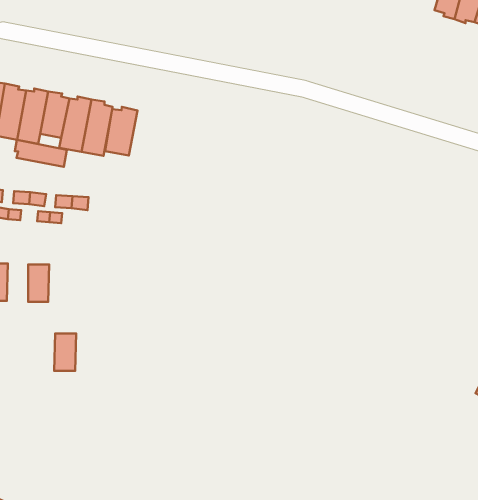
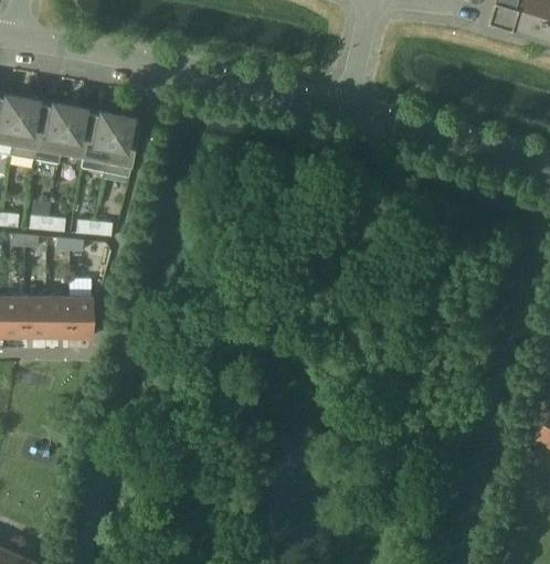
building: [105,107,137,156] -> none
building: [15,140,67,167] -> none
building: none -> [22,295,45,337]
building: [54,333,76,371] -> [67,296,92,337]

